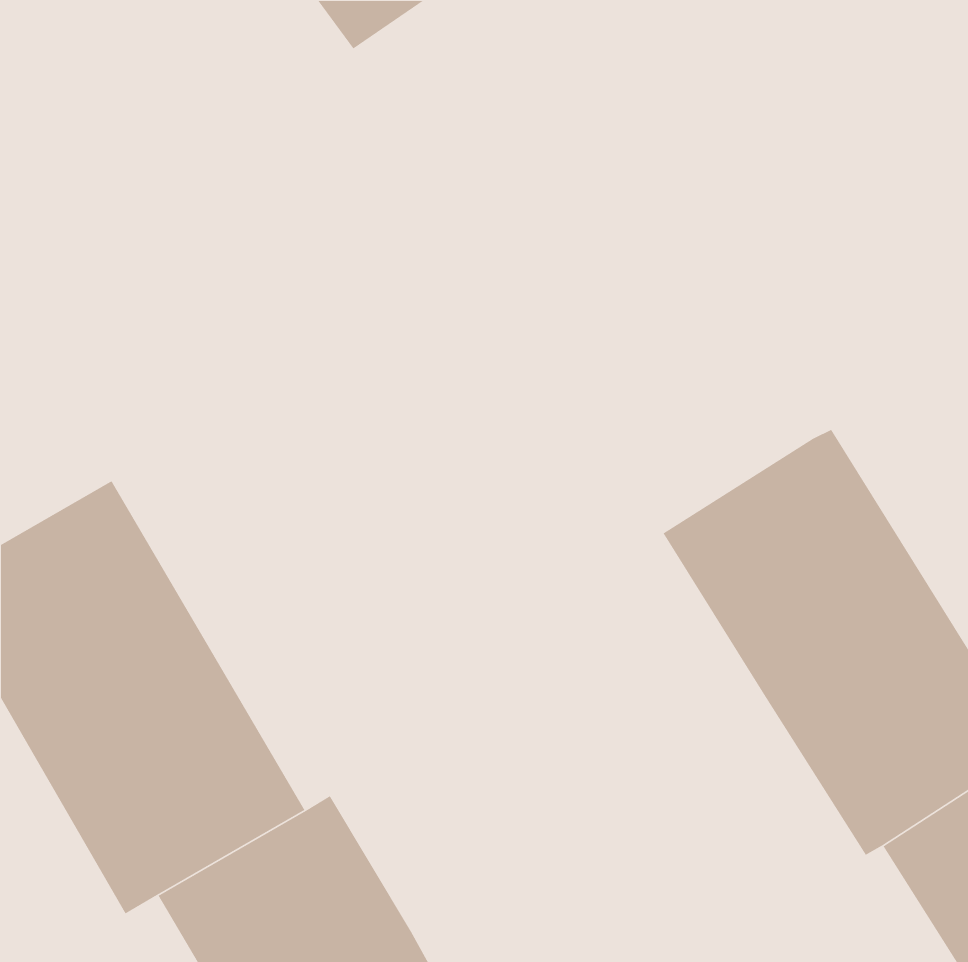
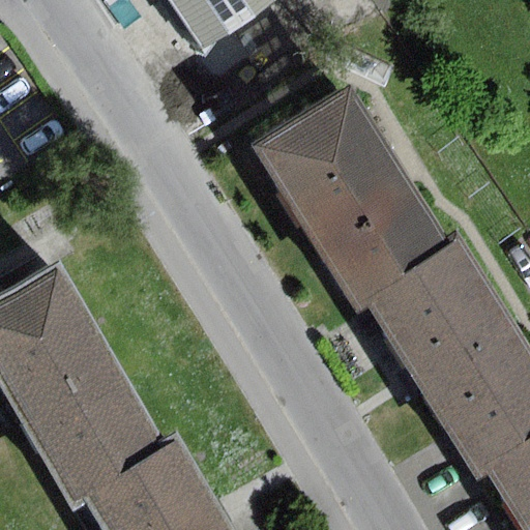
building: none -> [251,85,444,302]

